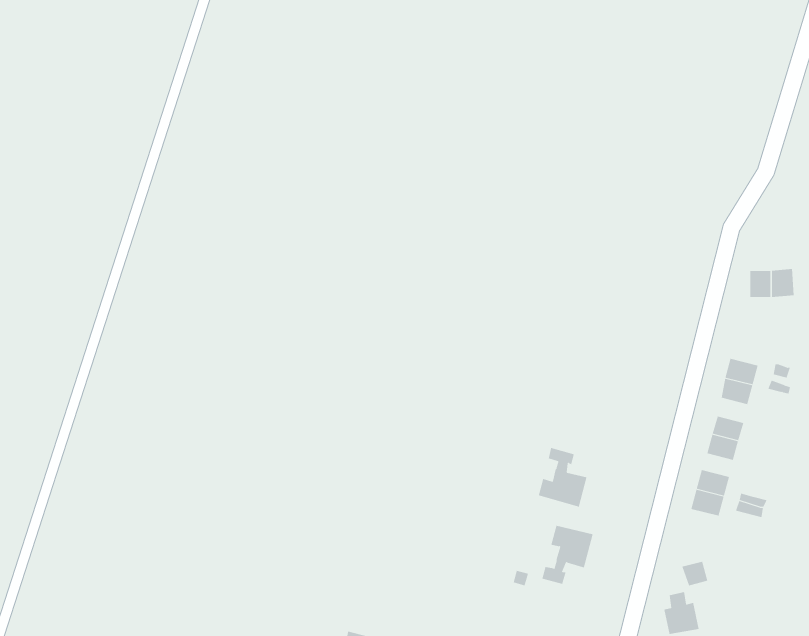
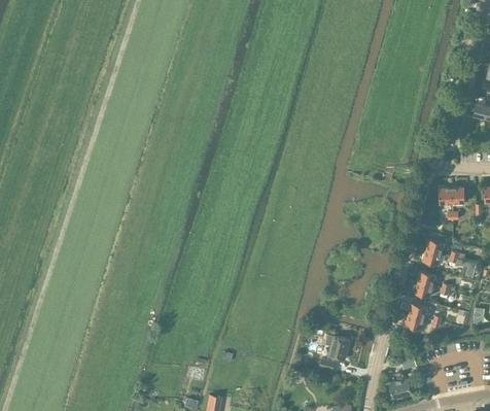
building: [538,447,587,508] -> none

